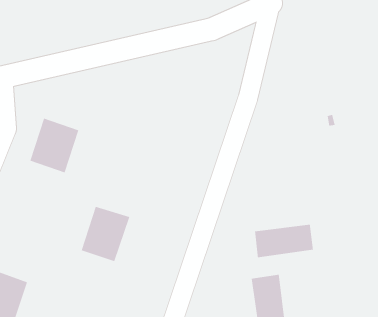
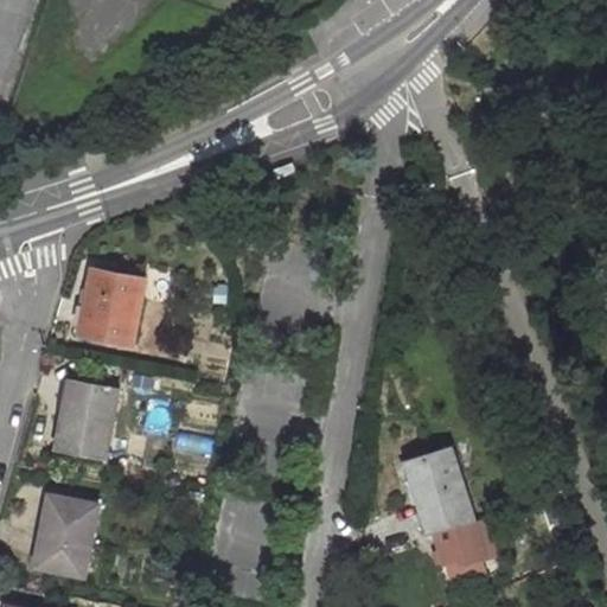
building: [81,206,130,262] -> [53,383,117,459]
building: [254,224,314,258] -> none

